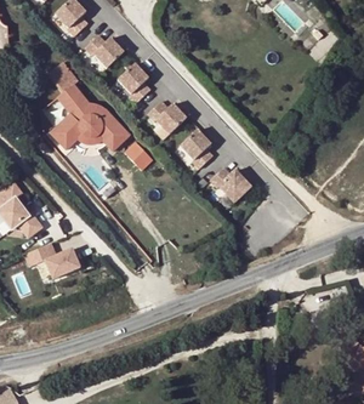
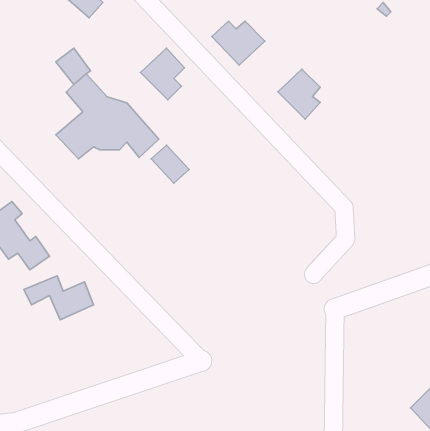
building: [85,35,125,70] -> none
building: [148,102,190,137] -> [212,21,265,65]
building: [177,127,211,167] -> [278,69,320,119]
building: [201,167,252,203] -> none

